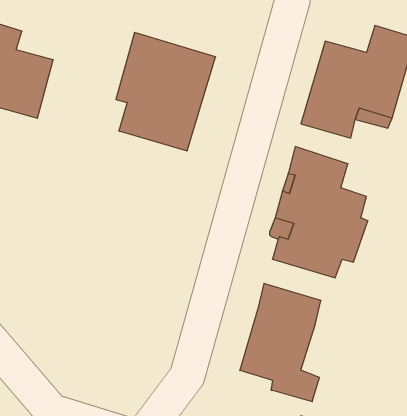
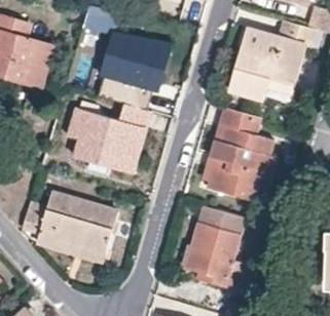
building: none -> [61,102,147,174]
building: none -> [21,193,117,262]

